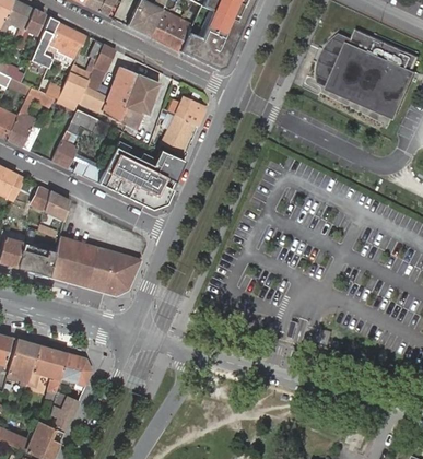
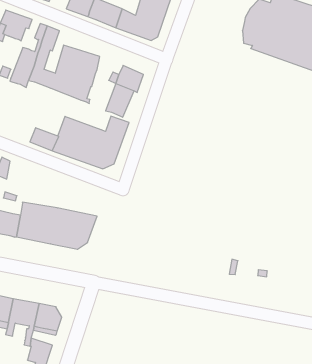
building: [50,109,97,168] -> none
building: [43,191,69,221] -> none

